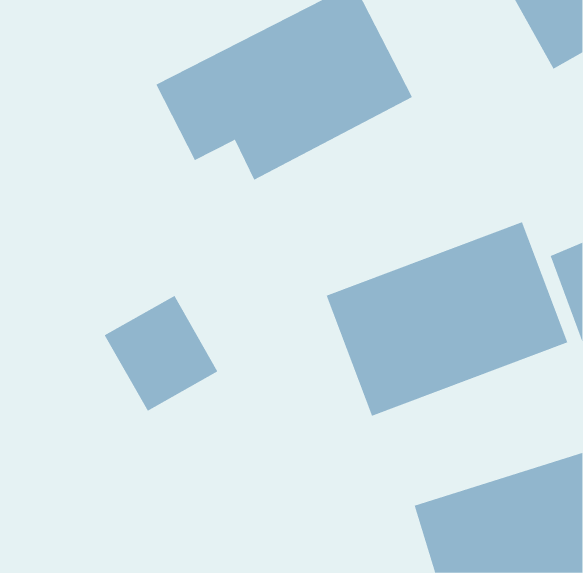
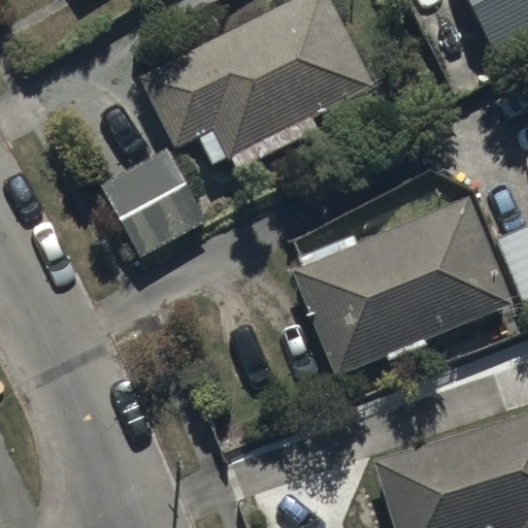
building: [104,295,218,412] -> [104,147,207,253]

